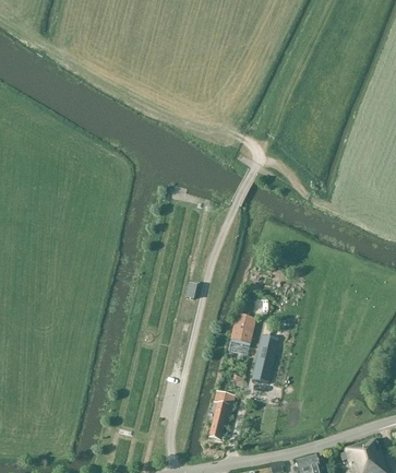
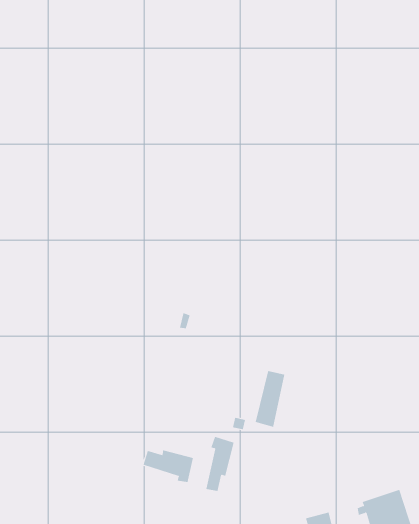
building: [229,314,255,344] -> none
building: none -> [143,450,193,483]

